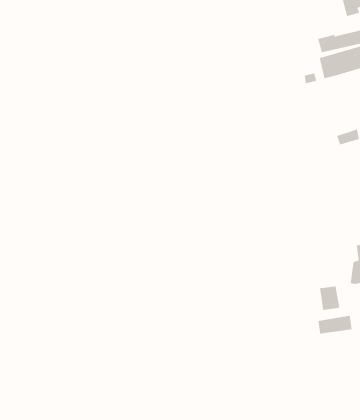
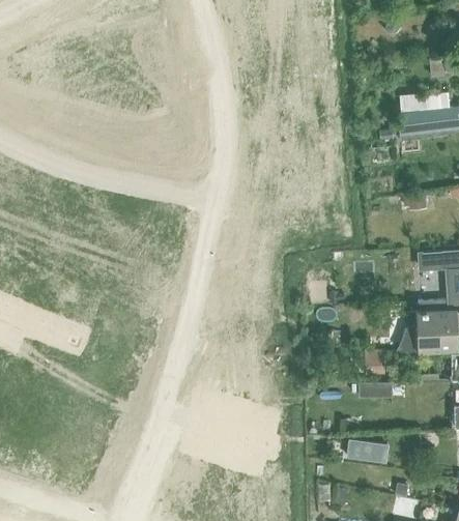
building: none -> [348,440,389,462]

